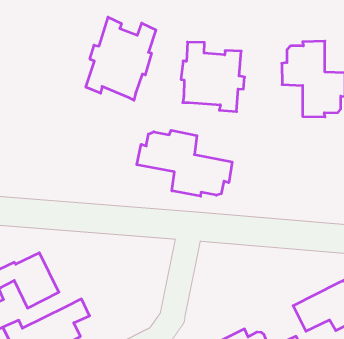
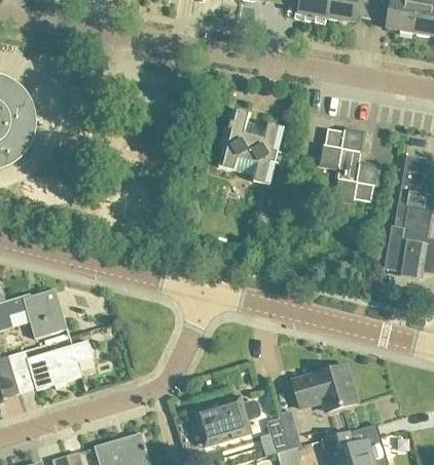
building: [86,17,156,100] -> none
building: [137,130,232,196] -> none

